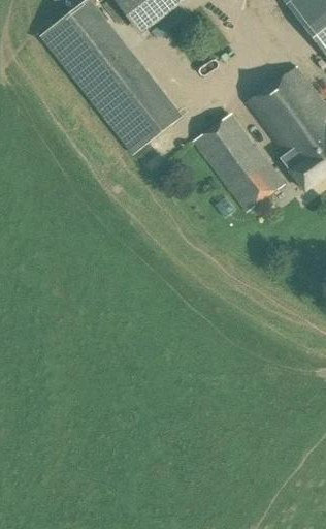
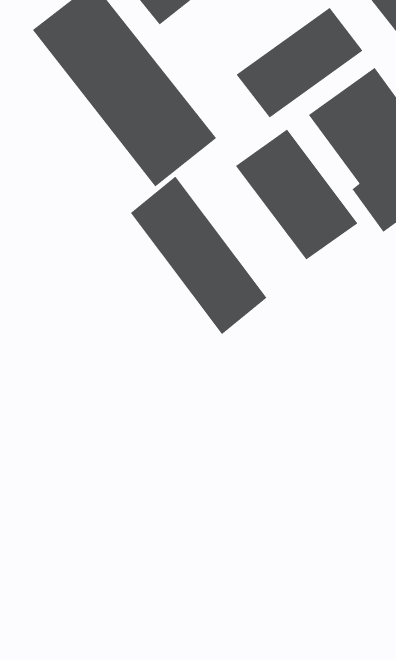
building: none -> [236,7,364,119]
building: none -> [130,176,268,335]

